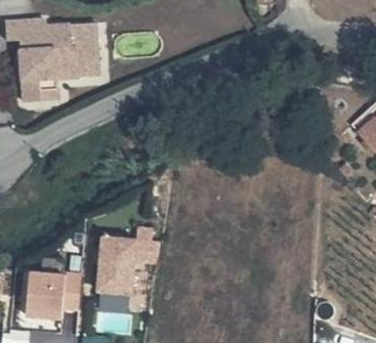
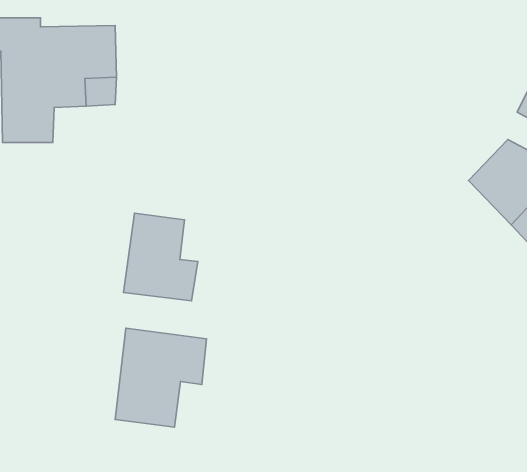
building: none -> [123,213,198,301]
building: [28,269,80,315] -> none

